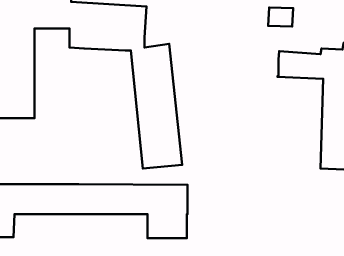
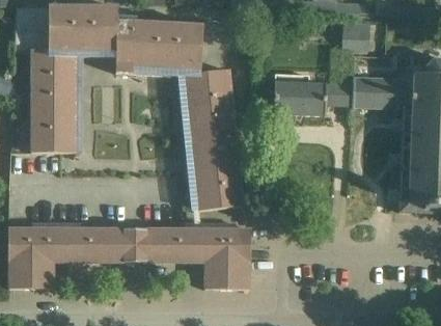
building: none -> [273,75,352,115]

